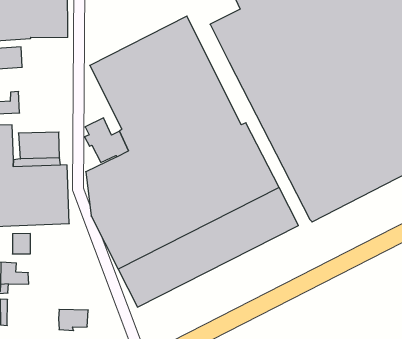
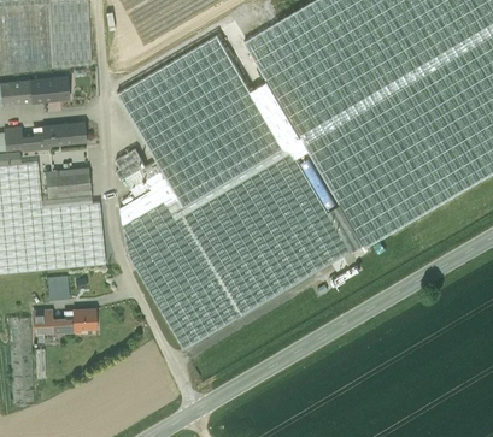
building: none -> [43,77,70,100]
building: none -> [252,82,364,253]
building: none -> [43,123,87,149]
building: [59,309,88,331] -> [65,309,96,332]

